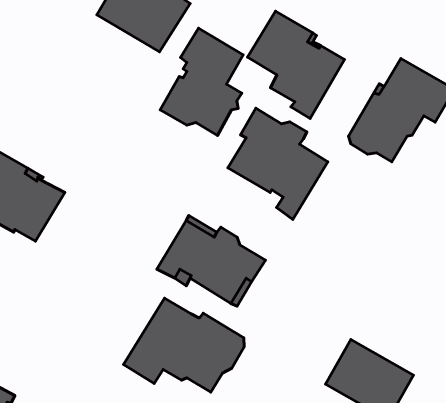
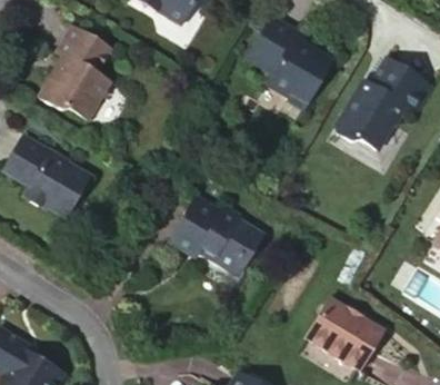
building: [160,28,243,135] -> [39,27,111,120]
building: [228,108,328,220] -> none
building: [124,298,244,392] -> none

